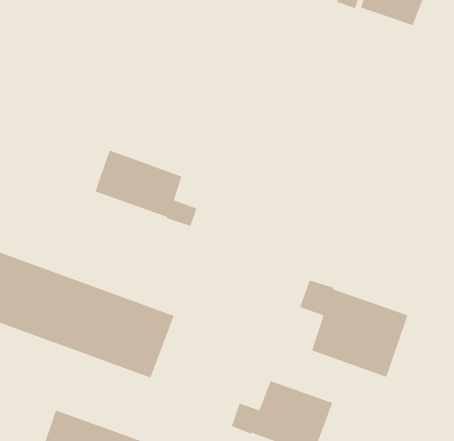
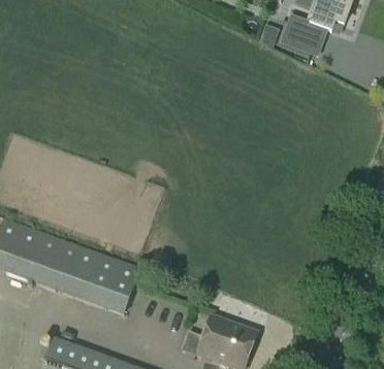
building: [95,149,198,227] -> none
building: [299,279,408,378] -> none

